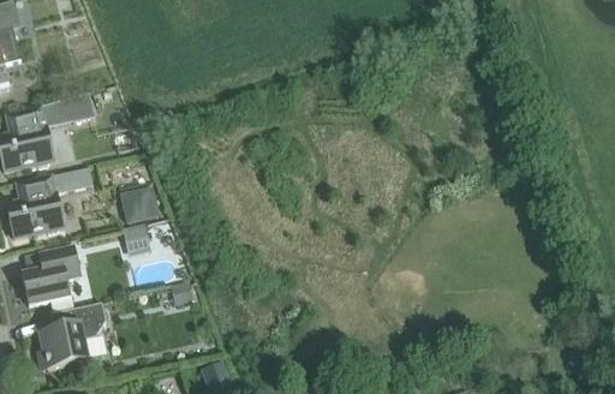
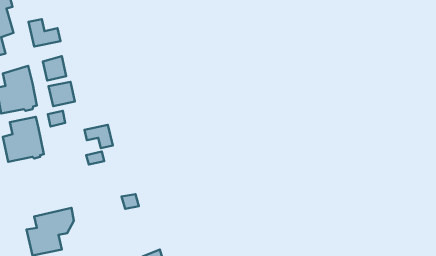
building: none -> [29,19,61,46]
building: none -> [48,82,75,106]
building: [22,244,80,305] -> none

